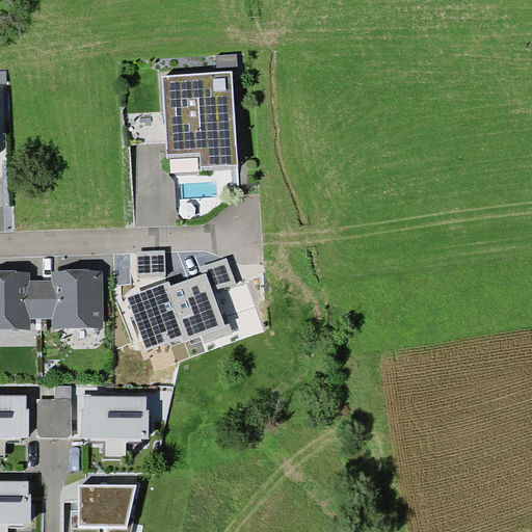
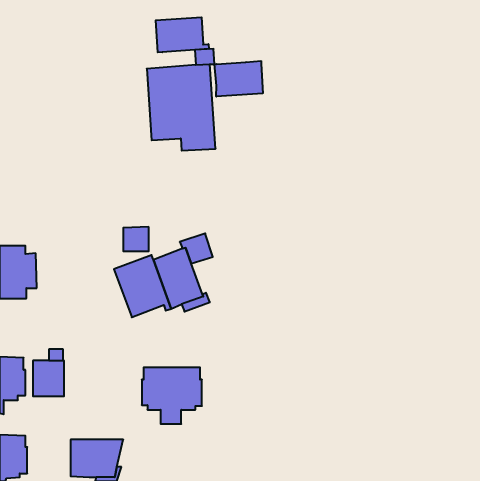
building: none -> [156,17,209,52]
building: none -> [215,61,263,97]
building: [39,271,102,329] -> none
building: [82,396,149,458] -> [142,367,202,424]

